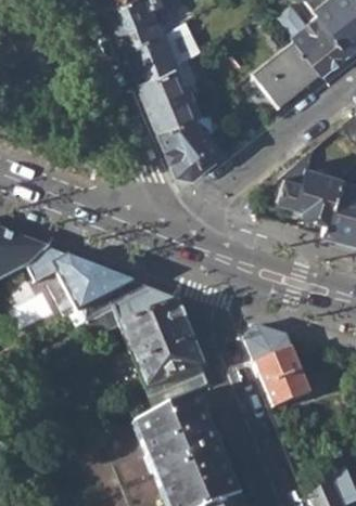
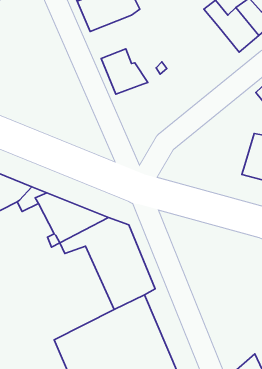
building: [125,23,193,80] -> none
building: [251,37,321,105] -> none
building: [158,114,223,173] -> none
building: [278,161,342,220] -> none
building: [244,326,309,408] -> none

